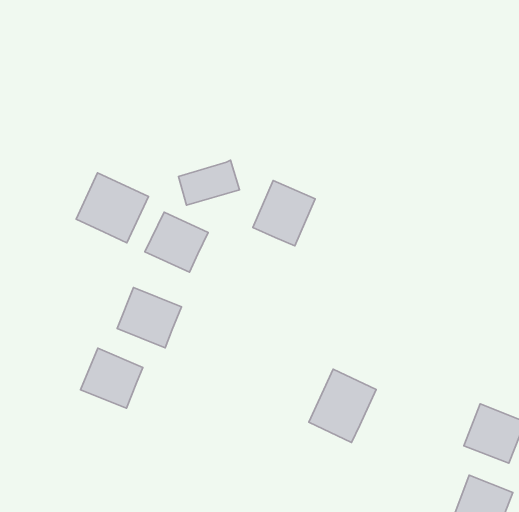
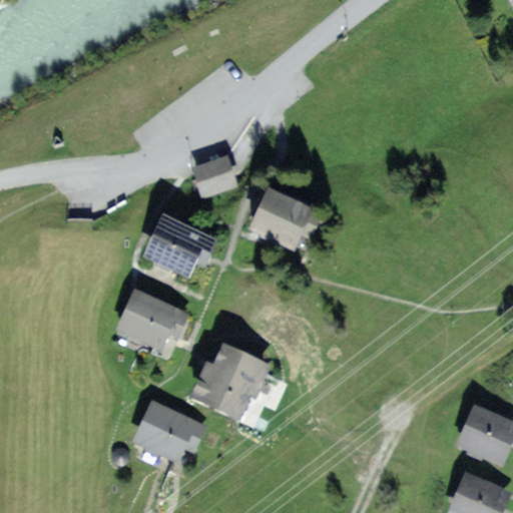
building: [76,173,148,243] -> none
building: [81,348,143,408] -> [133,401,194,460]
building: [309,369,376,443] -> [198,345,265,417]

